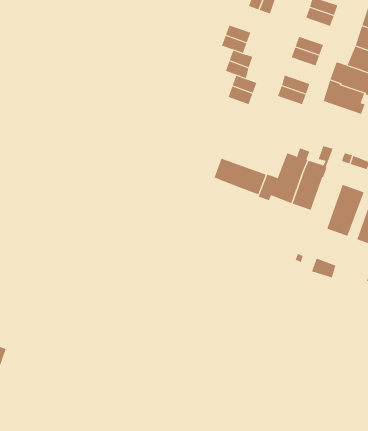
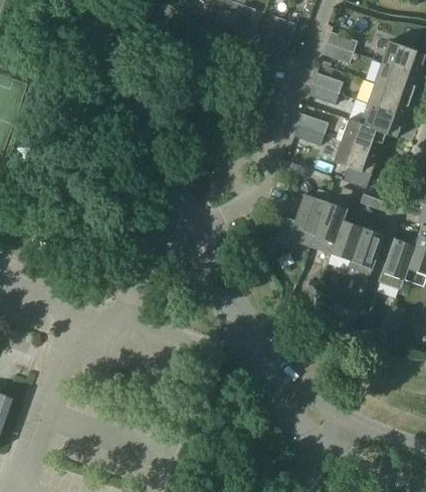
building: none -> [334,140,381,188]
building: [214,158,266,195] -> none
building: none -> [329,219,361,260]

